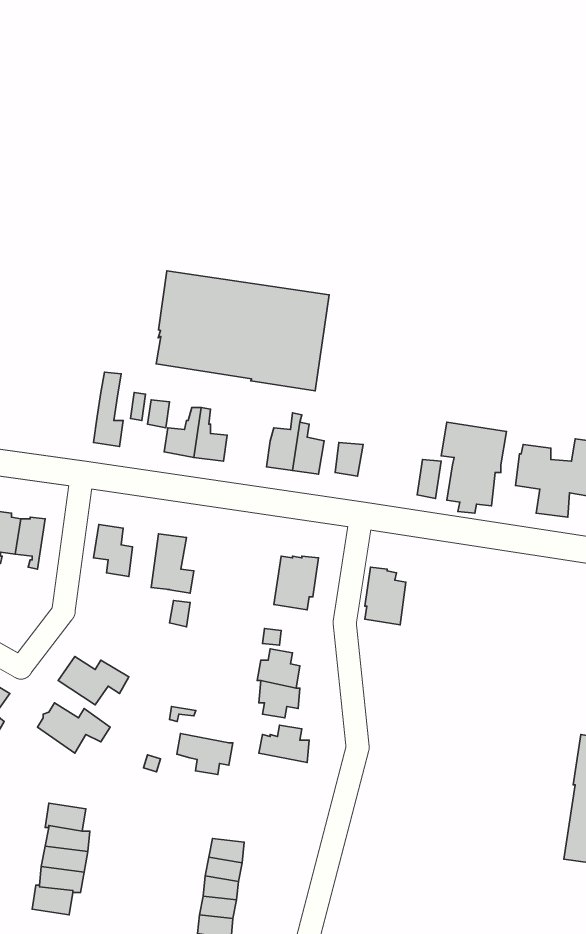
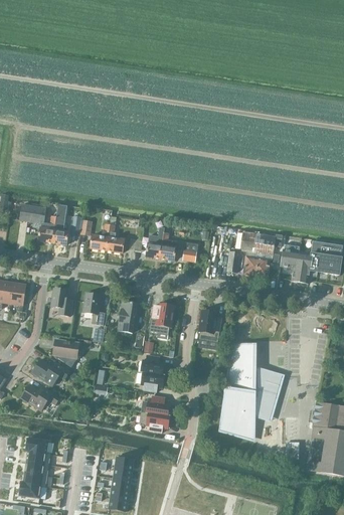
building: [156,271,329,391] -> none
building: none -> [20,203,56,242]
building: none -> [118,300,137,333]
building: none -> [53,338,81,366]
building: none -> [222,344,283,438]
building: [177,734,233,775] -> [140,410,170,433]

